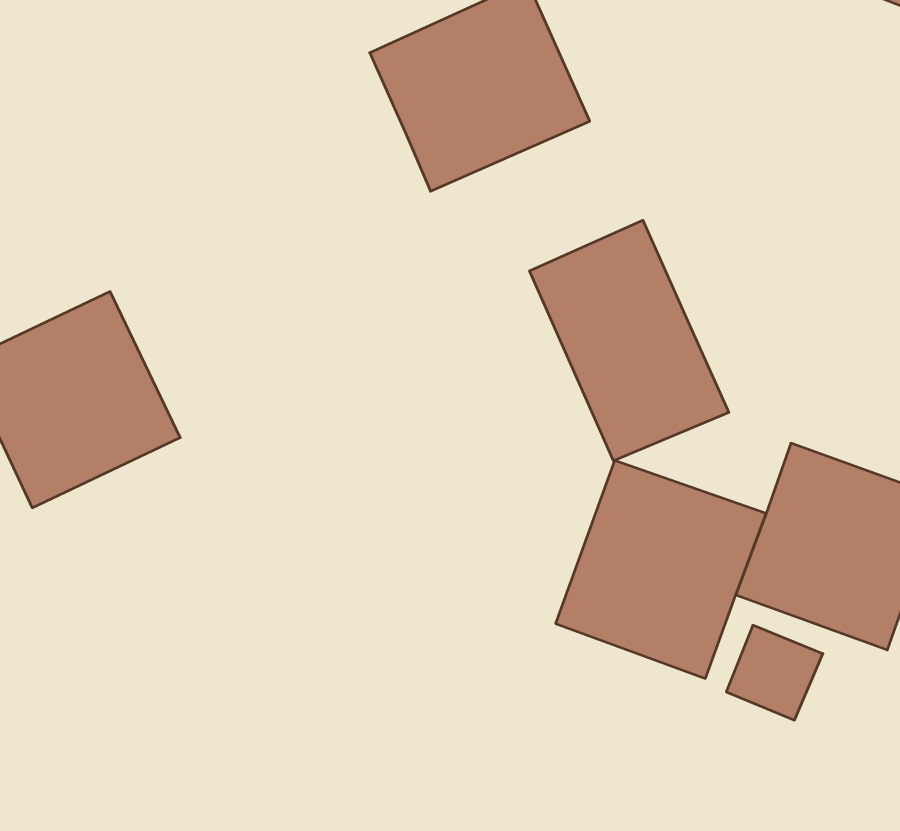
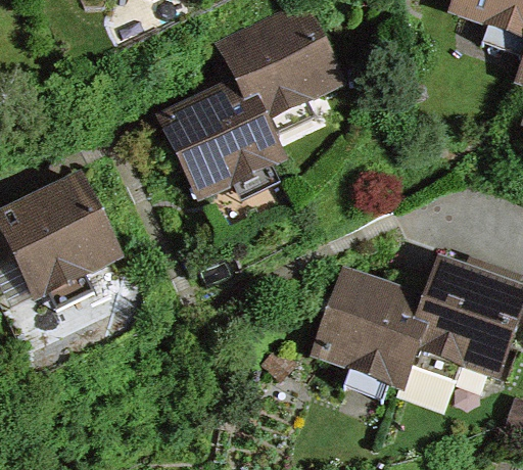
building: none -> [160,94,273,207]
building: [530,220,729,461] -> none

